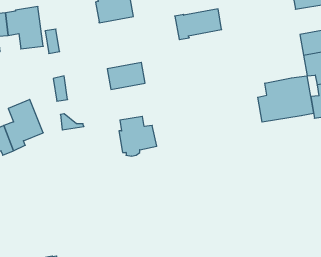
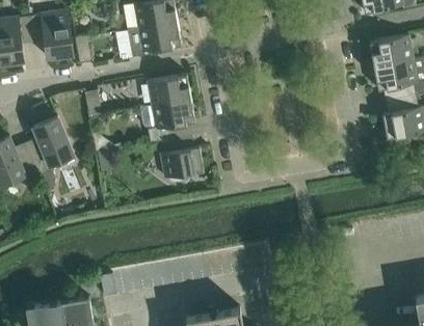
building: [175,9,222,40] -> [127,22,181,57]
building: [258,76,314,122] -> none
building: none -> [141,99,194,143]

